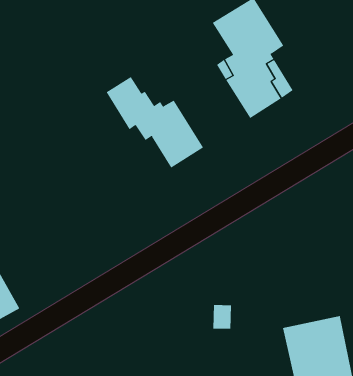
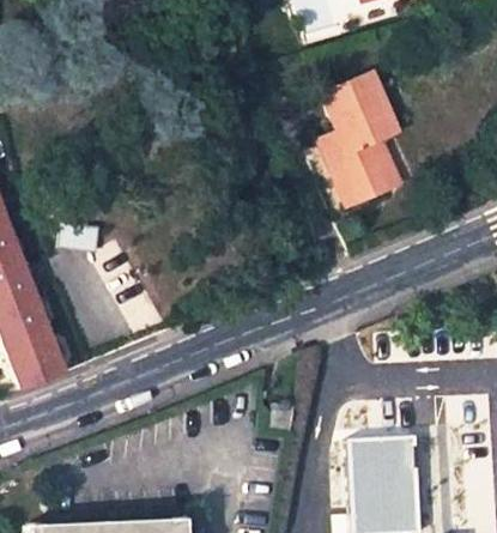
building: [106,76,204,168] -> none

